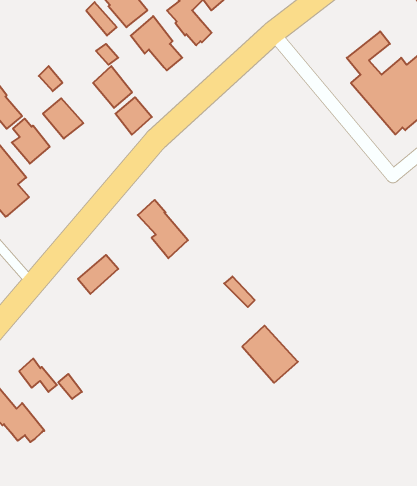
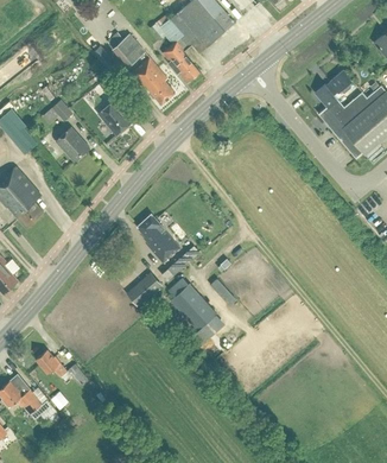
building: [115,97,152,135] -> none
building: [12,119,50,164] -> none
building: [78,255,118,294] -> [127,273,161,306]
building: [242,326,298,383] -> [170,283,217,331]

